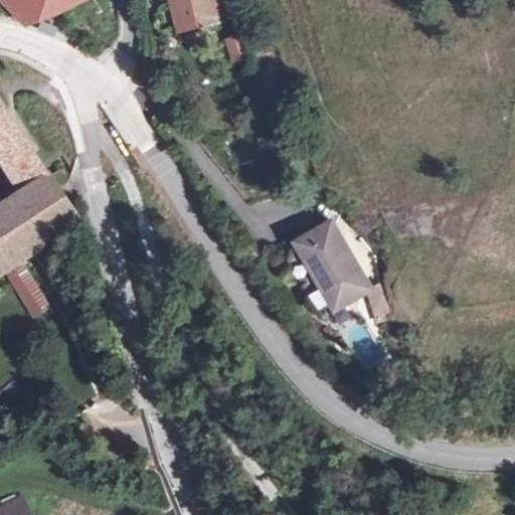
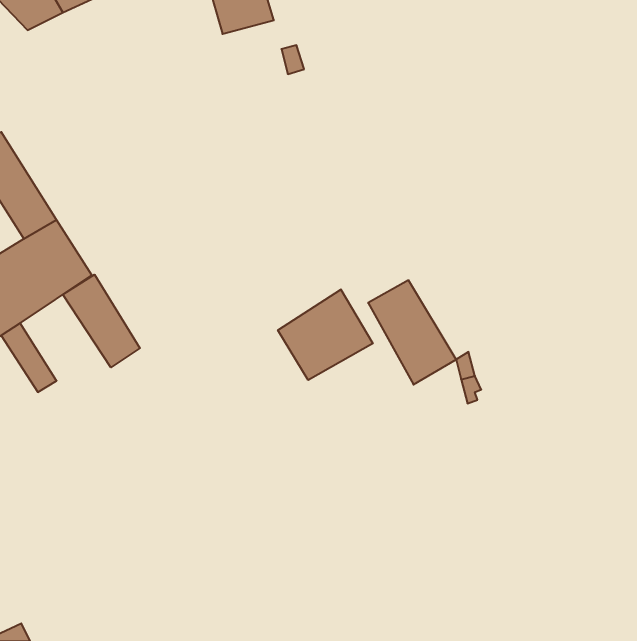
building: none -> [63,275,140,367]
building: none -> [278,289,373,380]

